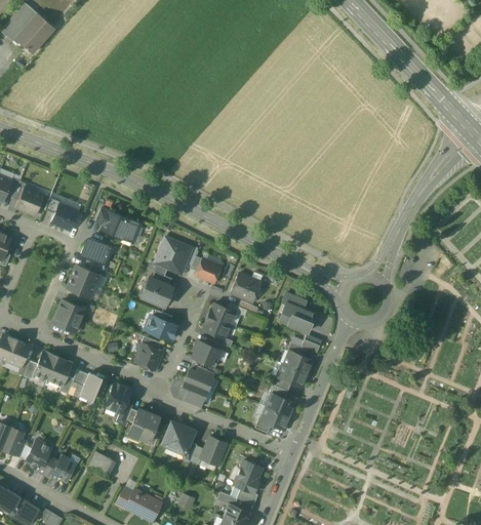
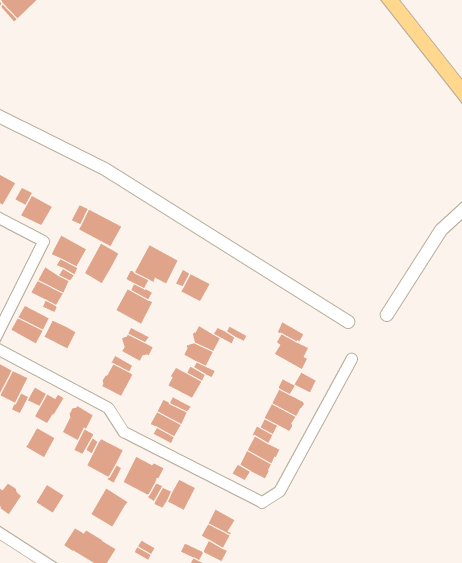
building: none -> [84,243,120,284]
building: [231,273,260,301] -> none
building: none -> [44,320,76,349]
building: none -> [25,428,55,458]
building: none -> [90,488,129,528]

